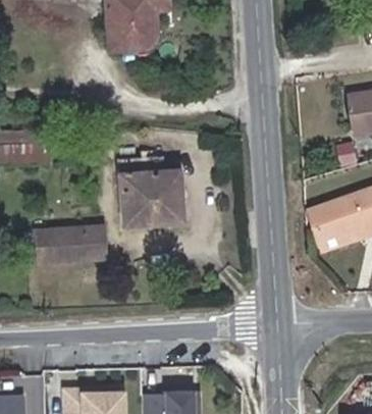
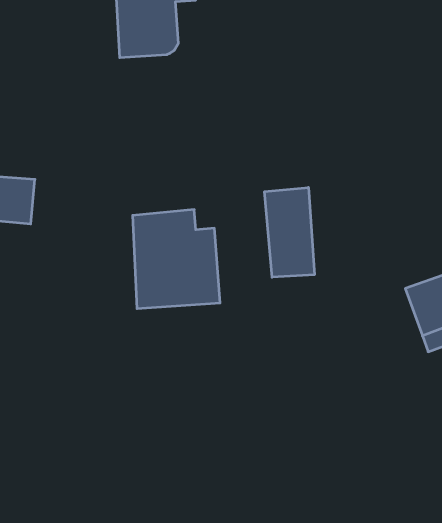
building: none -> [265,187,314,277]
building: [37,224,102,258] -> none

